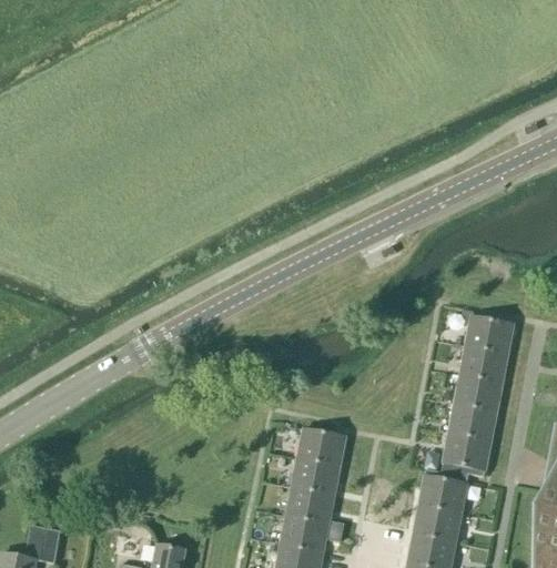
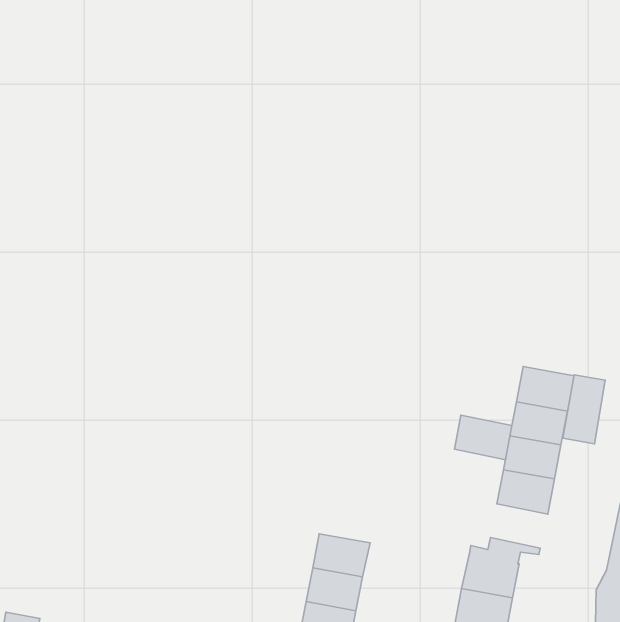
building: none -> [563,375,605,444]
building: [297,432,346,469] -> none
building: [443,436,492,474] -> [454,415,512,460]

